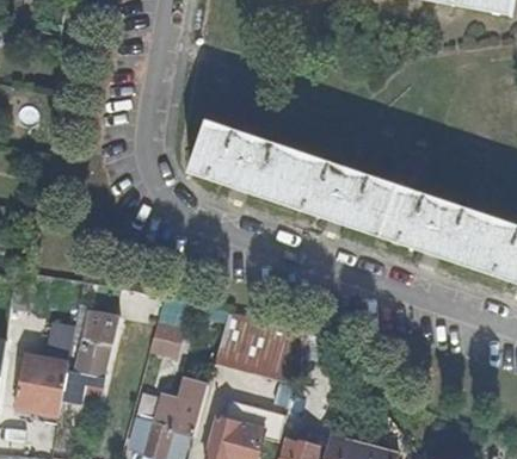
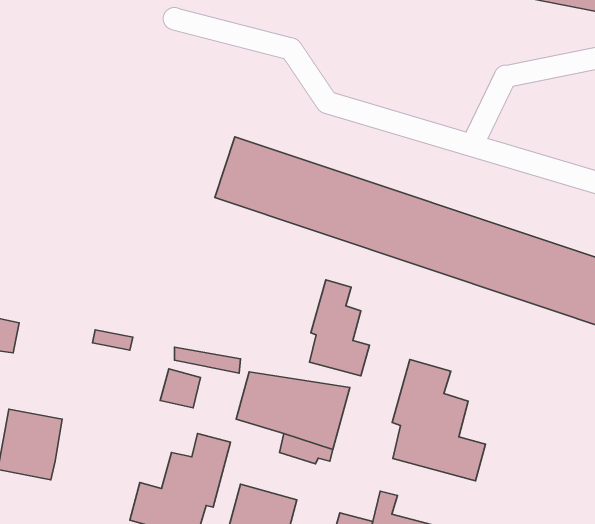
building: none -> [309,280,369,376]
building: [63,306,117,399] -> none
building: none -> [392,359,486,481]

